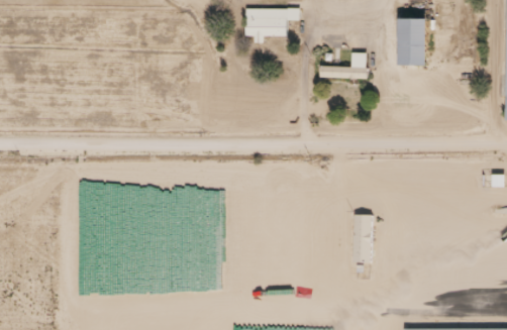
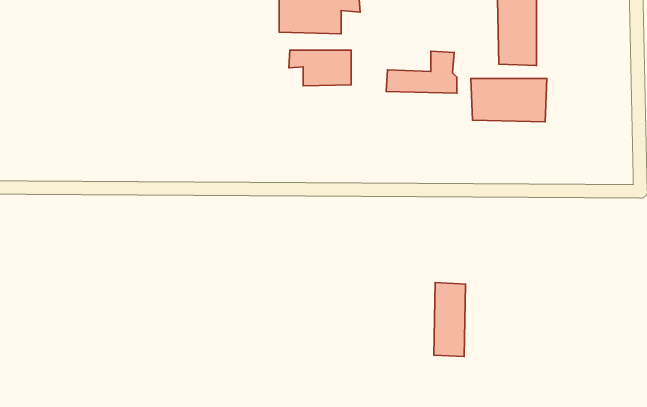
building: none -> [289,50,351,86]
building: none -> [471,79,547,122]

